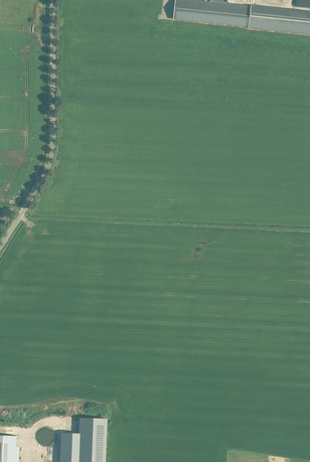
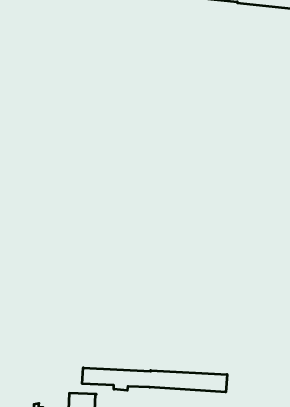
building: none -> [82,368,227,392]

